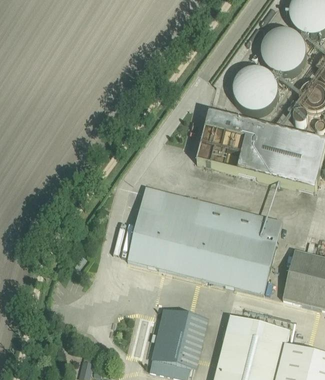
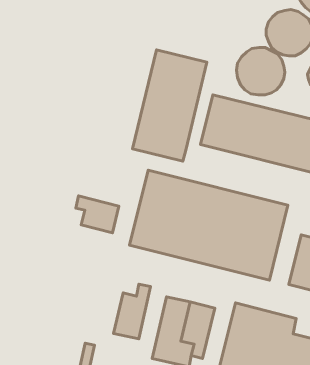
building: none -> [132,50,207,161]
building: none -> [76,196,119,233]
building: none -> [114,284,151,339]

